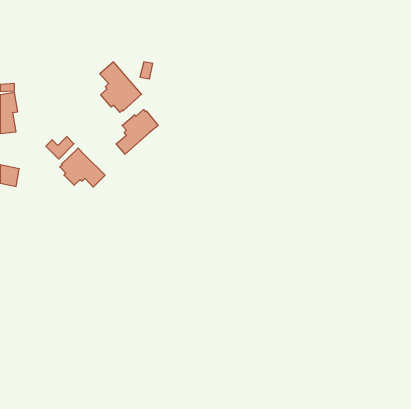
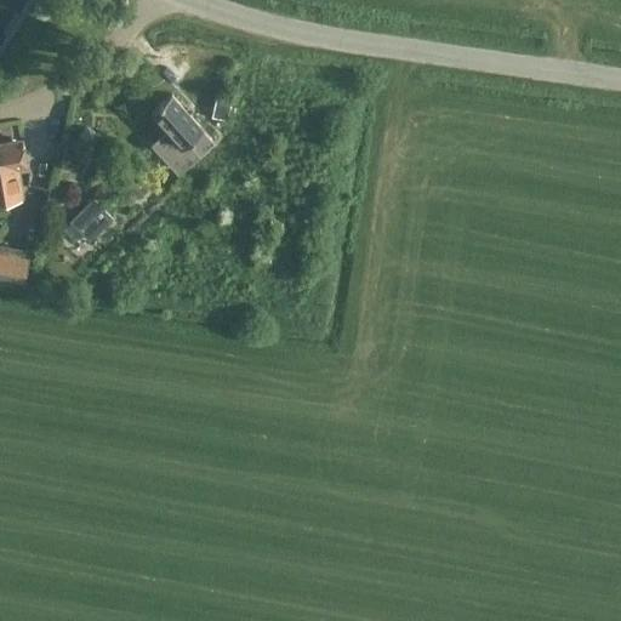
building: [116,110,158,154] -> none
building: [60,148,105,187] -> none

